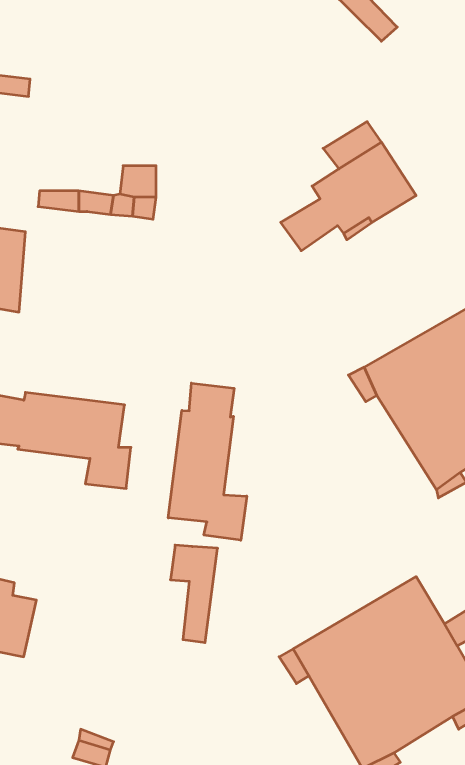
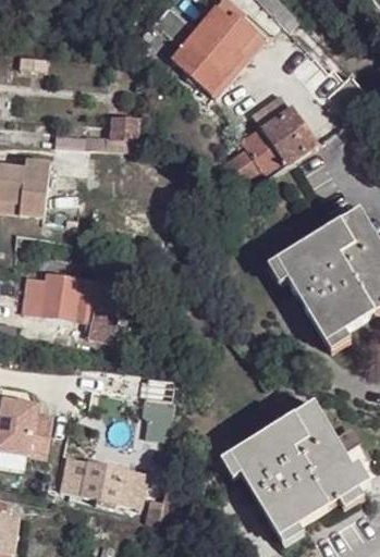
building: none -> [171,9,255,91]
building: [168,383,247,540] -> none
building: none -> [59,457,150,507]

